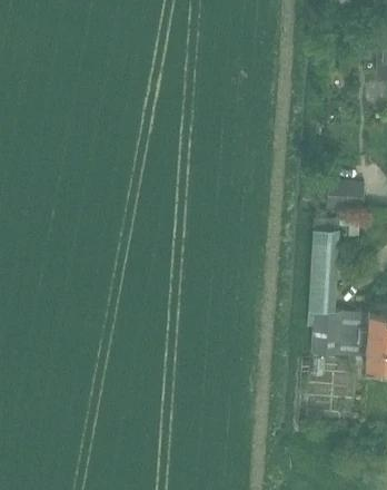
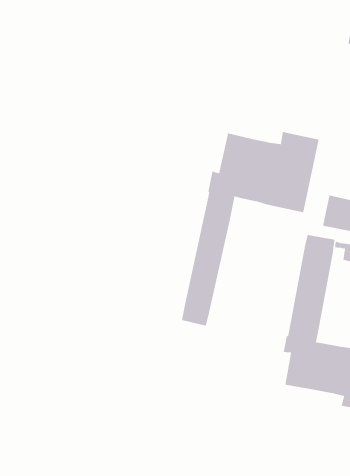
building: none -> [181,131,319,326]

